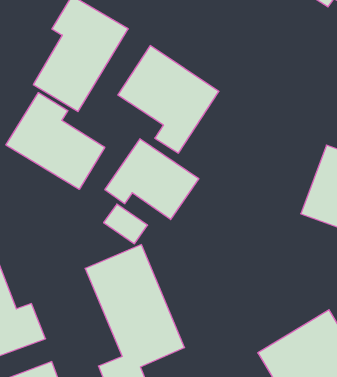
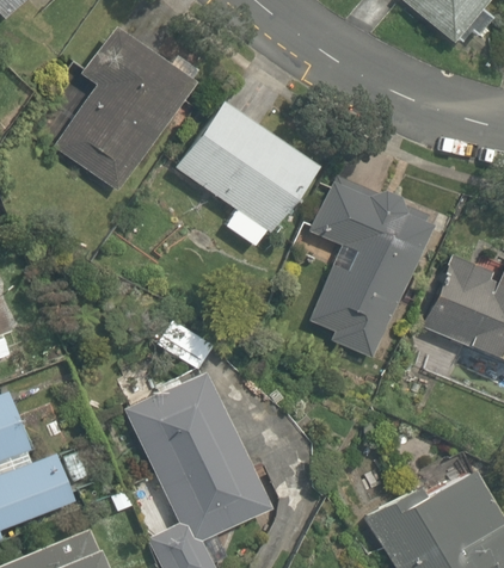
building: [6,93,105,189] -> none
building: none -> [313,177,430,359]
building: [105,139,199,220] -> none

